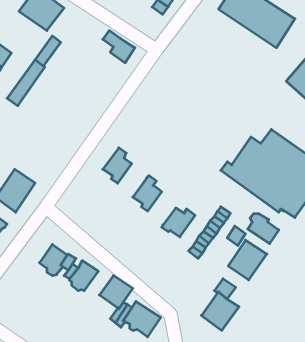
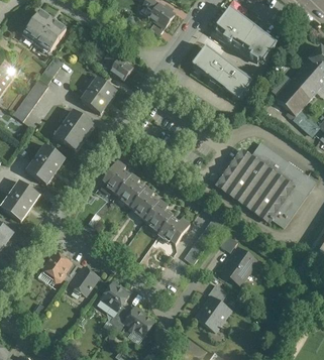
building: none -> [187,40,259,103]
building: none -> [81,77,116,113]
building: none -> [55,110,92,149]
building: none -> [26,144,64,185]
building: none -> [116,173,143,207]
building: none -> [144,200,172,233]
building: [248,214,279,244] -> none

